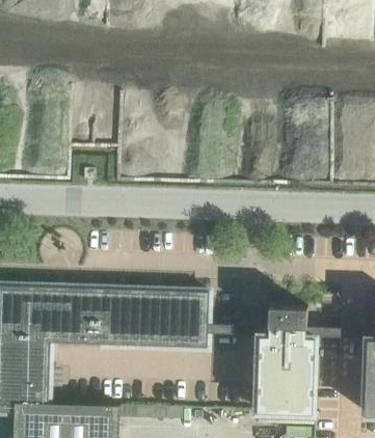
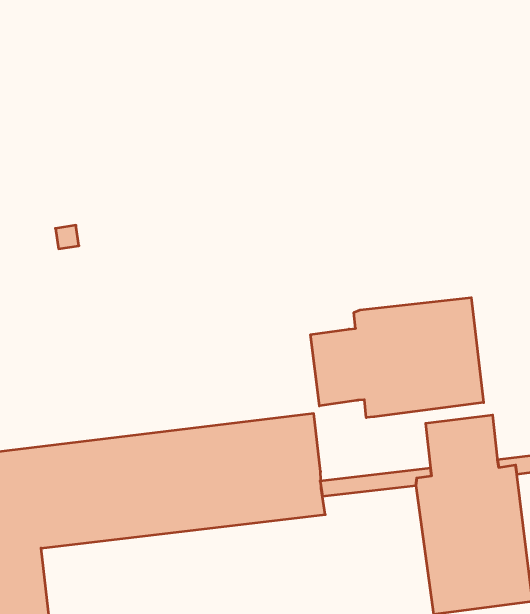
building: none -> [311,298,484,418]

